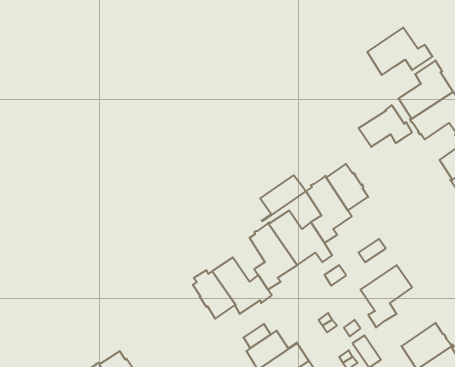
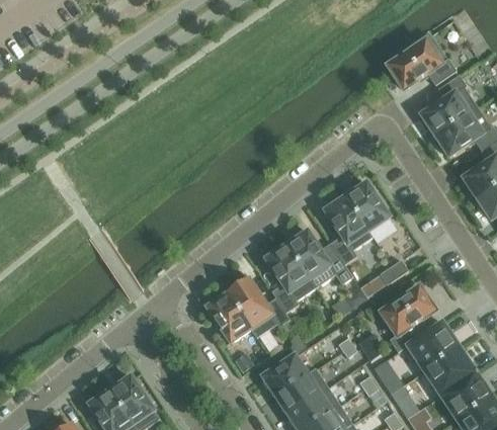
building: [359,105,412,147] -> none
building: [260,175,306,221] -> none
building: none -> [406,321,459,370]

